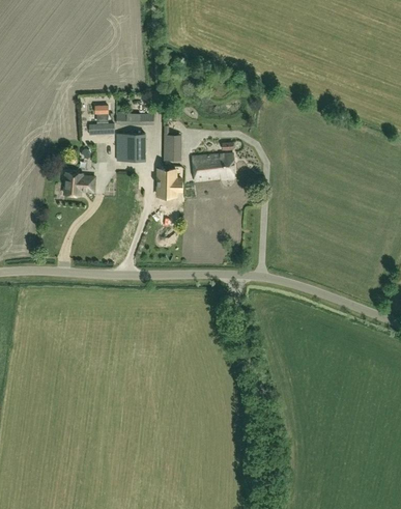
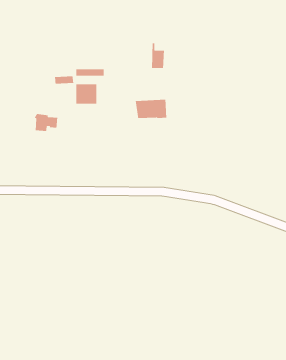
building: [164,125,181,160] -> [151,42,165,69]
building: [156,169,181,196] -> none

